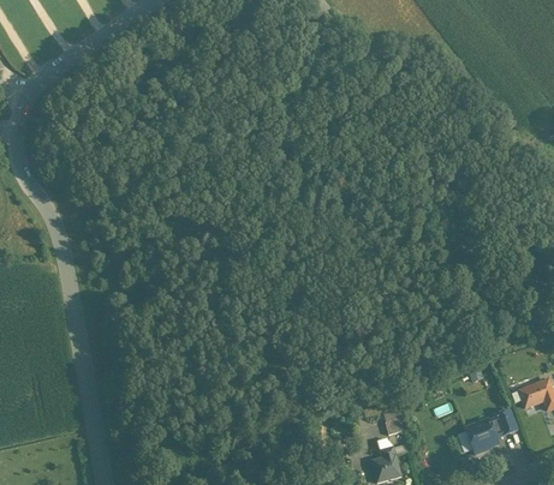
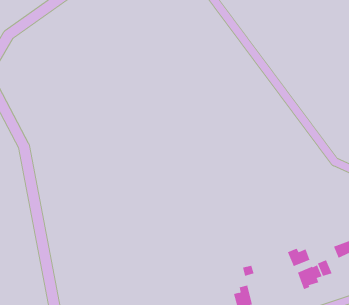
building: none -> [287,248,310,267]

